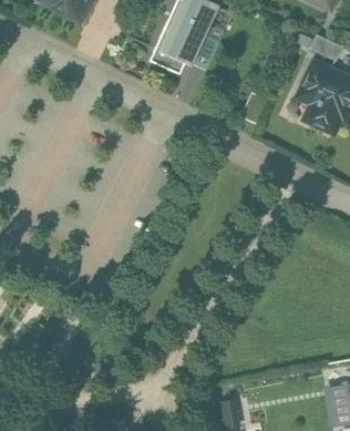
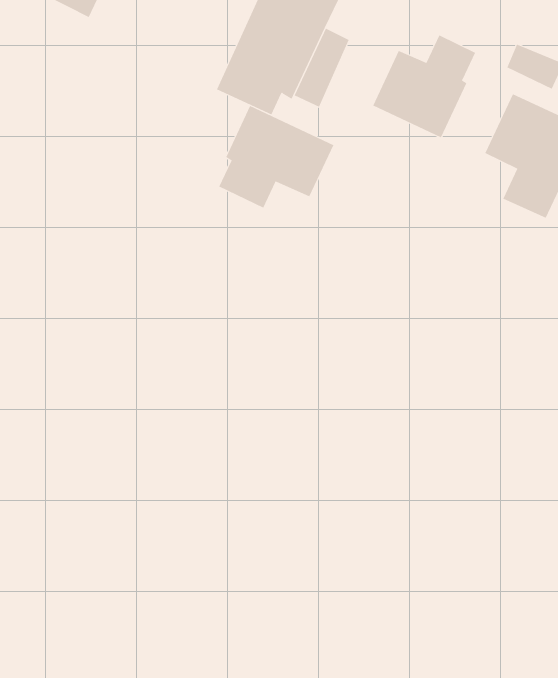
building: none -> [372,35,476,138]
building: none -> [219,105,334,208]

